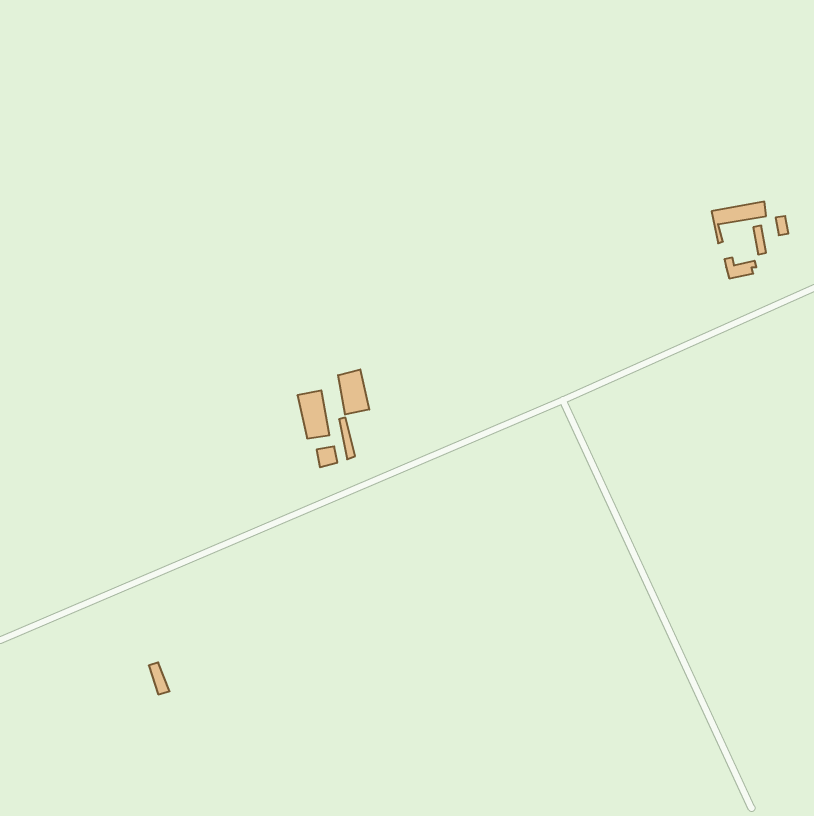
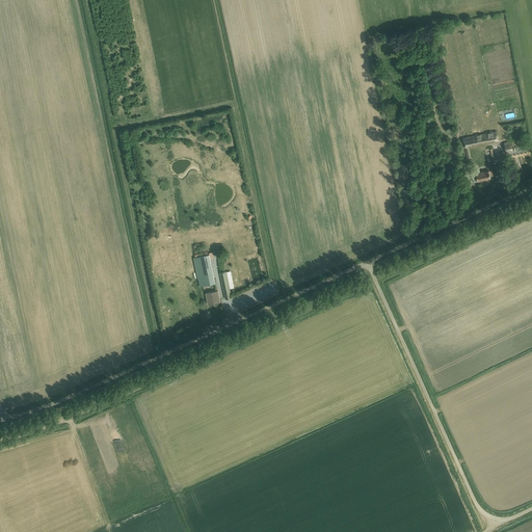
building: [338,369,369,415] -> none

